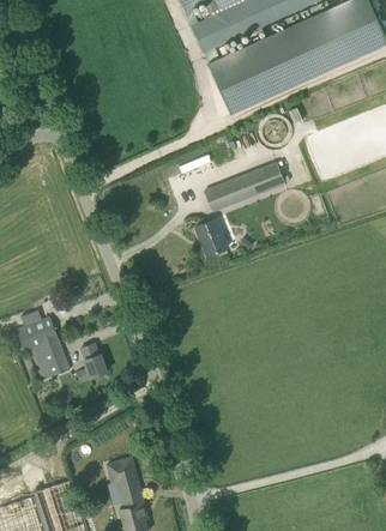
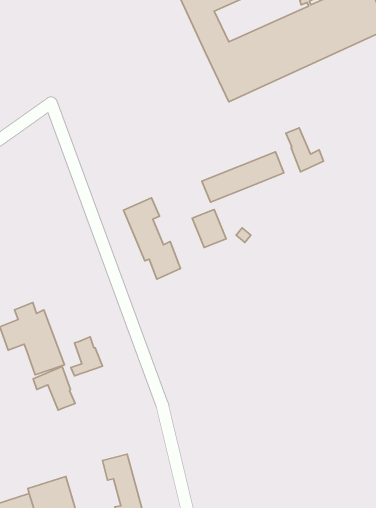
building: none -> [286,128,323,172]
building: none -> [124,198,180,279]
building: none -> [33,366,75,410]

